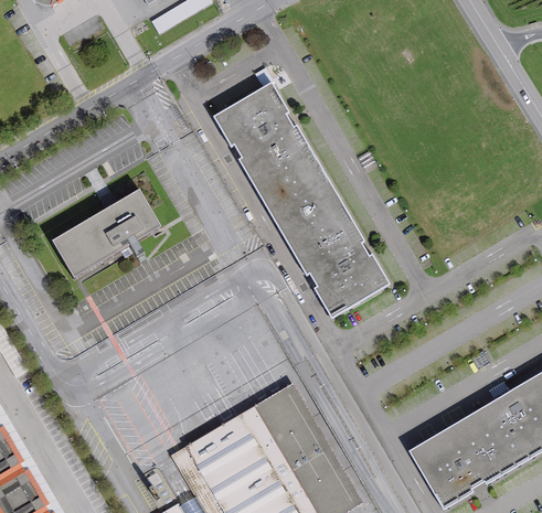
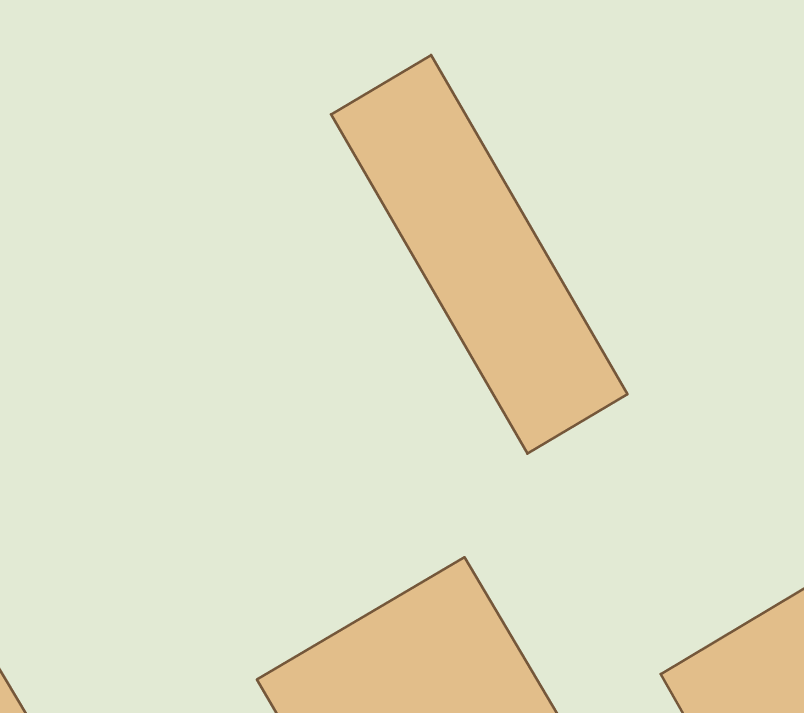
building: [52,189,161,277] -> none

